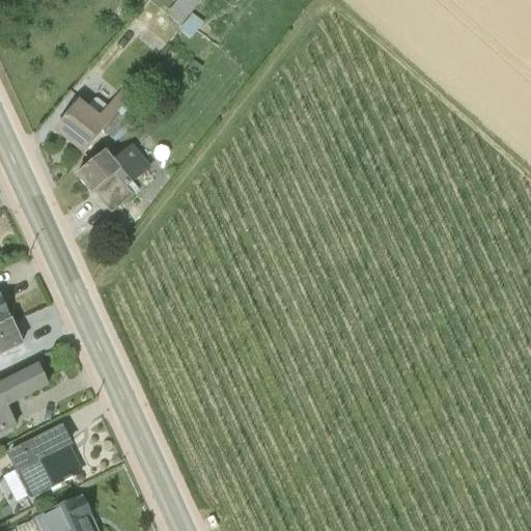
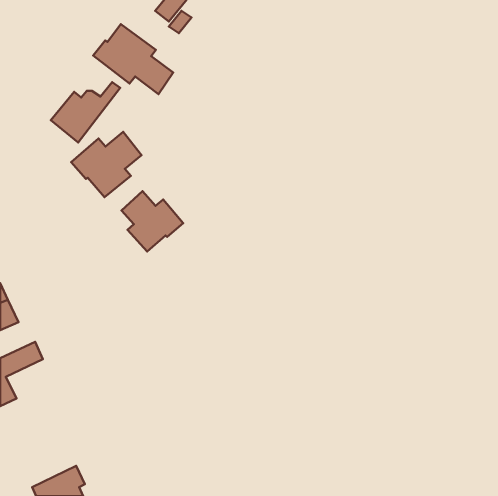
building: none -> [93,24,173,94]
building: none -> [121,191,183,252]
building: [6,423,81,497] -> none

